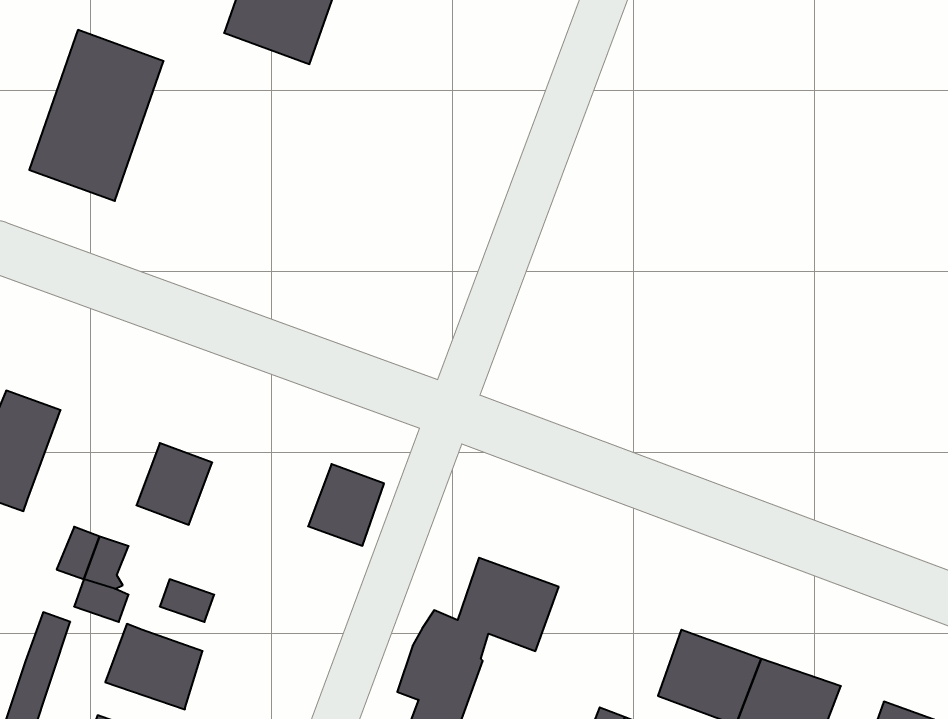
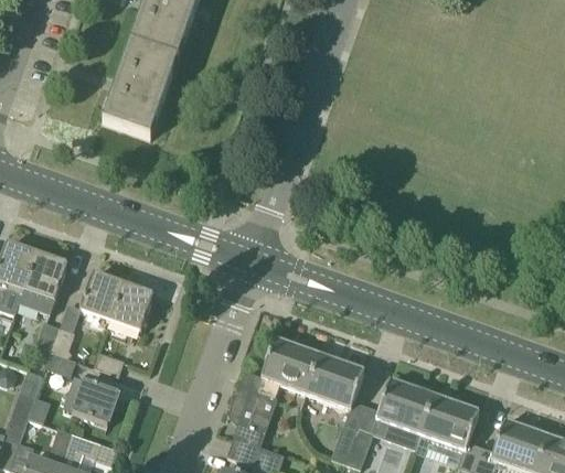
building: [29,30,164,201] -> [103,40,179,137]
building: none -> [19,254,66,314]
building: [308,464,384,546] -> [110,283,153,330]
building: none -> [307,354,364,407]

